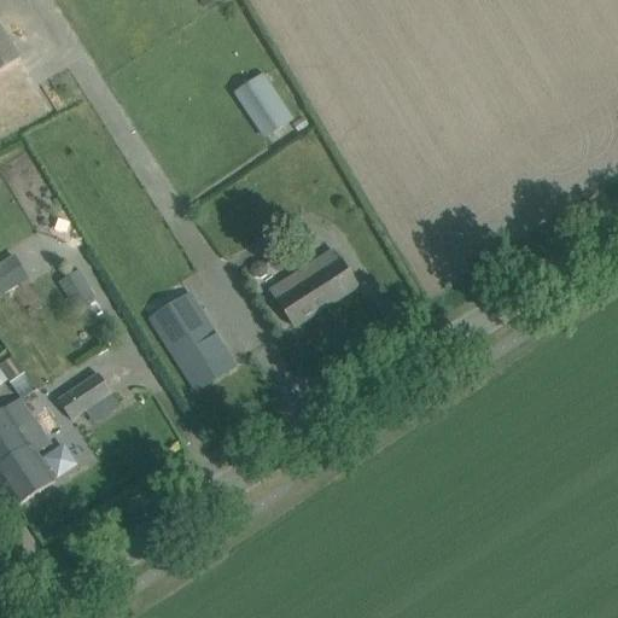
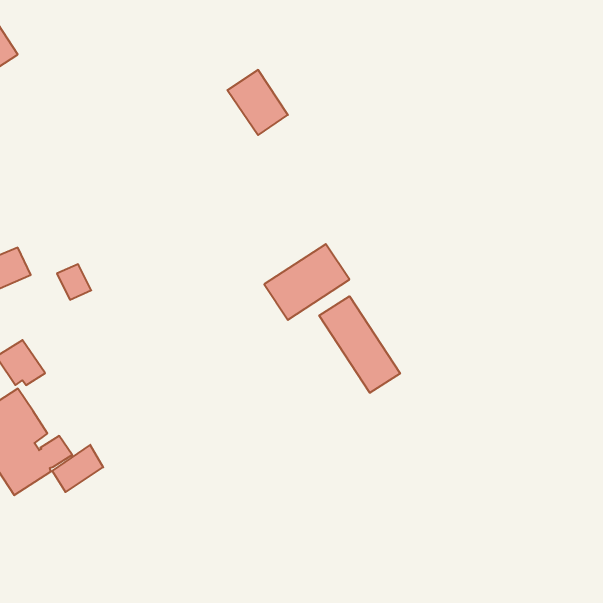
building: [147,290,234,390] -> none
building: none -> [319,296,400,393]
building: [57,371,109,419] -> [52,445,103,492]

